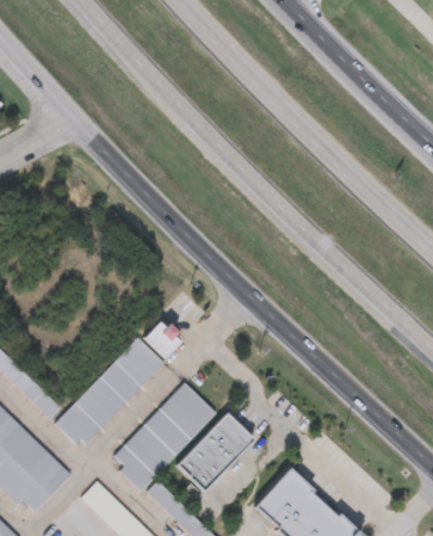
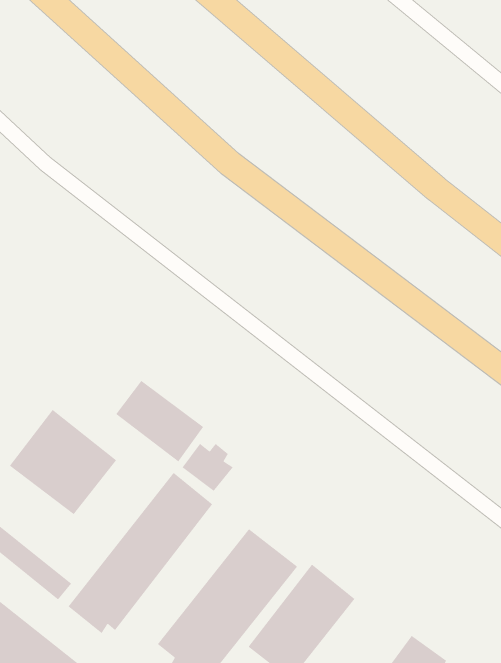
building: none -> [115,380,204,462]
building: none -> [9,409,117,515]

